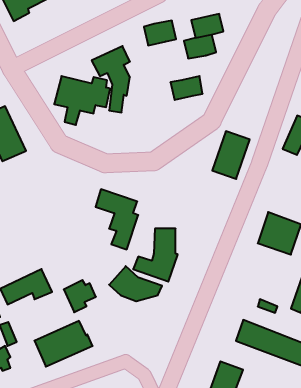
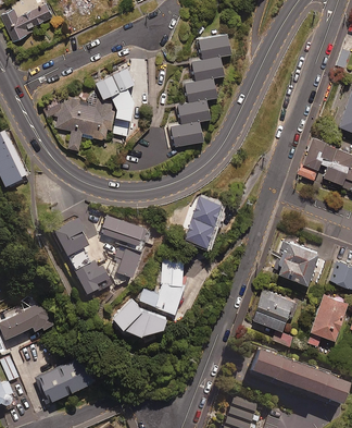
building: [144,21,176,45] -> [188,75,222,101]
building: none -> [174,118,208,145]
building: [212,131,250,179] -> [186,195,225,245]
building: none -> [55,218,90,256]
building: none -> [251,289,292,331]
building: [64,280,96,312] -> [77,261,111,295]

